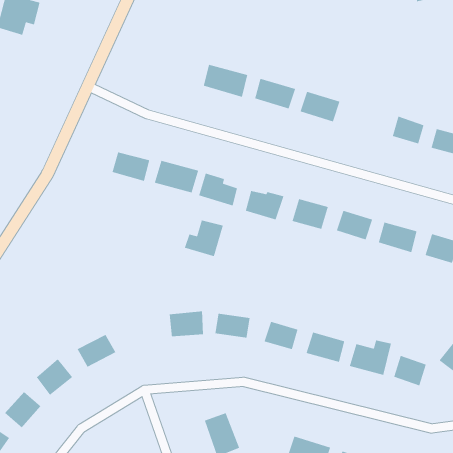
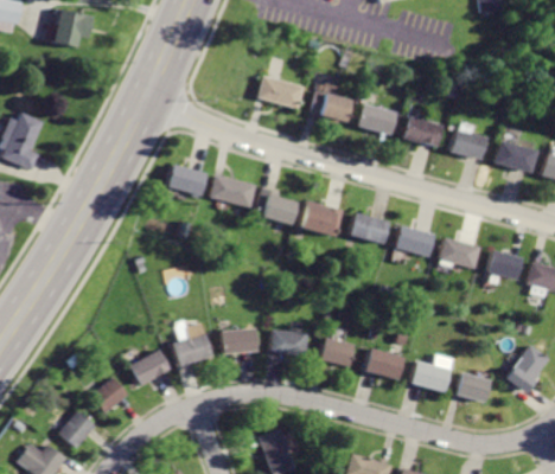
building: none -> [407,117,446,147]
building: [184,219,224,257] -> none
building: none -> [177,334,213,365]

